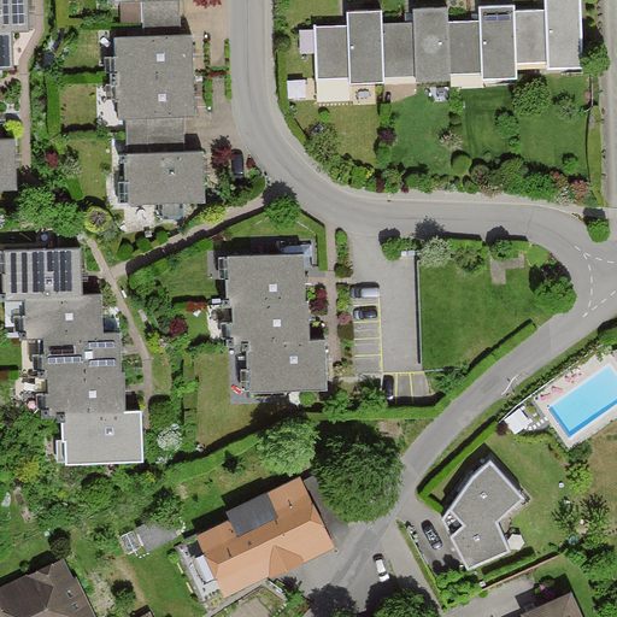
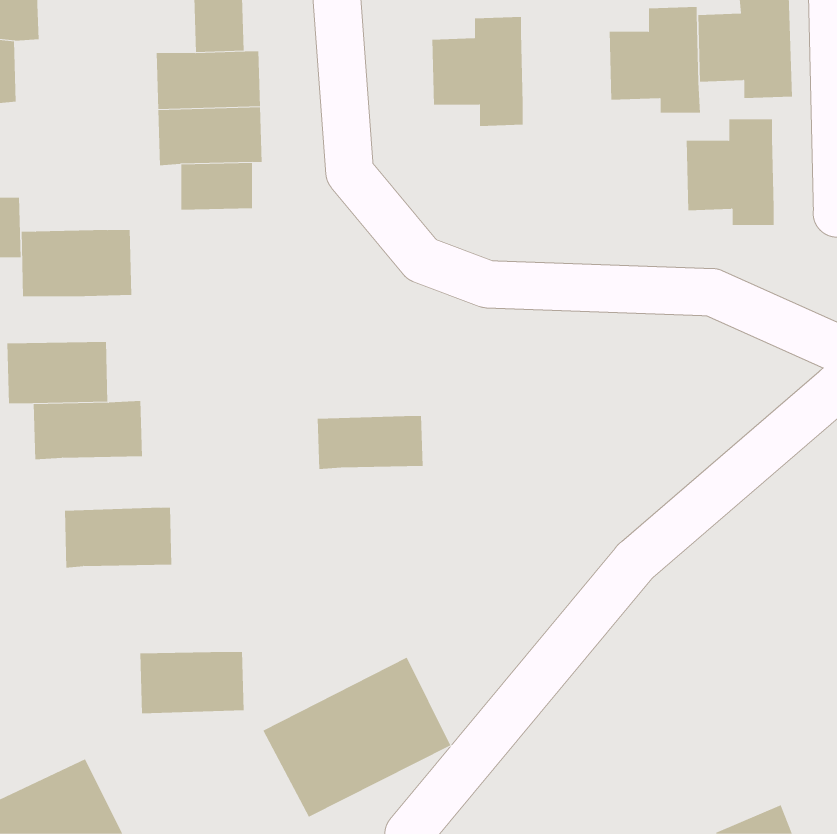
building: [383,8,448,87] -> [686,119,775,226]
building: [122,153,204,202] -> [21,230,132,297]
building: [223,255,305,308] -> none
building: [46,335,118,375] -> none
building: [251,341,327,392] -> none
building: [61,415,139,460] -> [140,651,245,714]
building: [441,456,522,566] -> none

